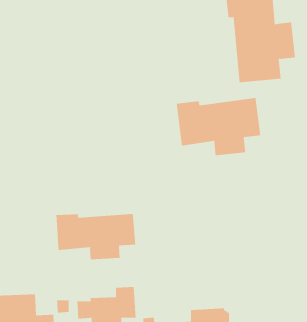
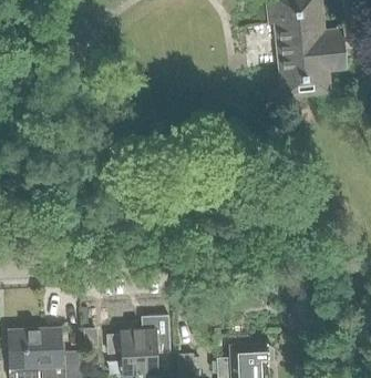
building: [176,97,261,156] -> none
building: [56,213,136,260] -> none

